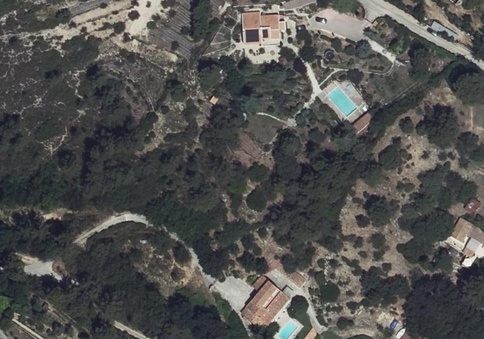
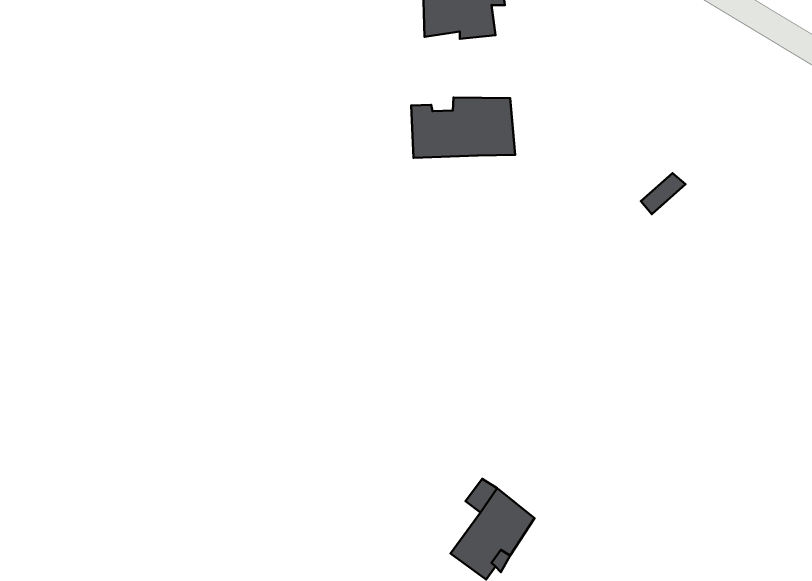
building: none -> [411,97,515,158]

